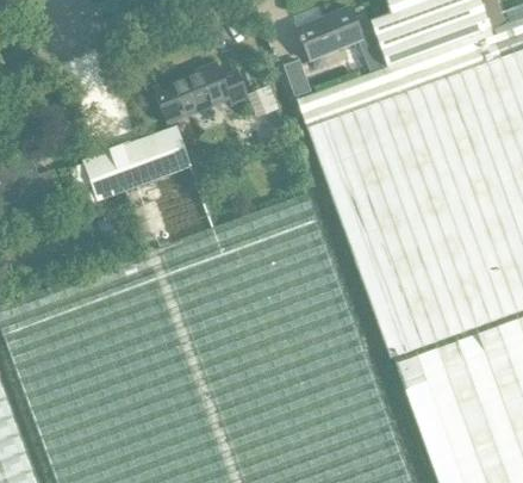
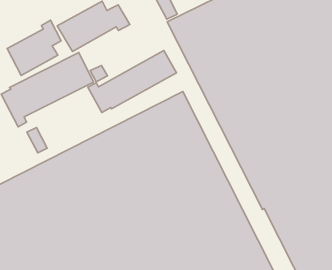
building: none -> [7,20,61,75]
building: none -> [88,50,177,112]

